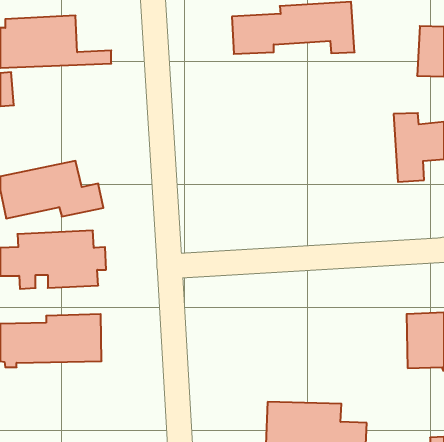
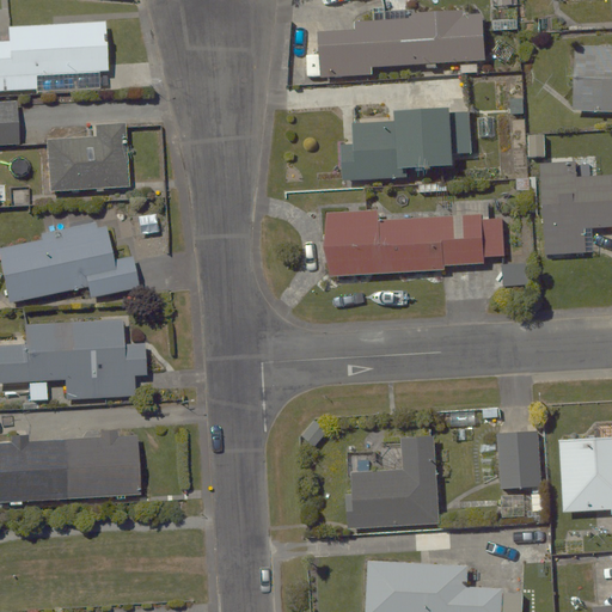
building: none -> [333,103,476,180]
building: none -> [47,122,127,192]
building: none -> [323,207,513,274]
building: none -> [497,429,547,489]
building: none -> [345,432,441,527]

